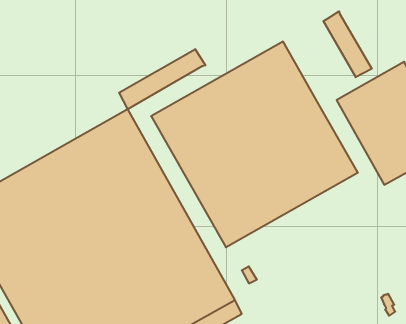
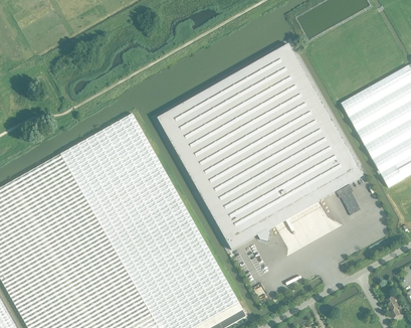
building: [323,11,372,77] -> none
building: [119,49,205,109] -> none

